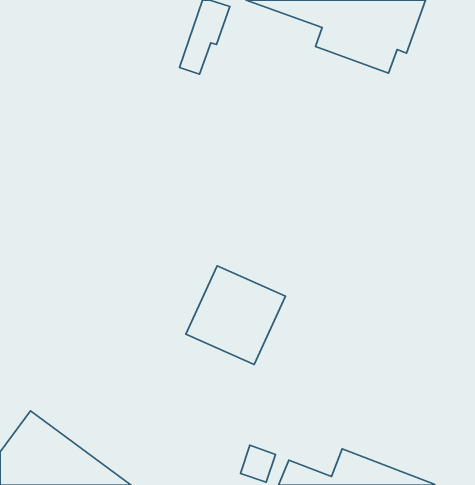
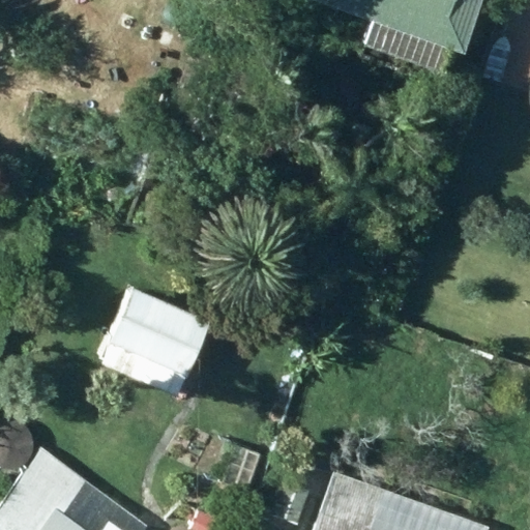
building: [186,266,286,365] -> [100,290,209,398]

